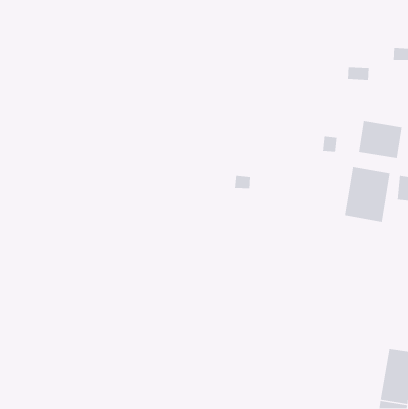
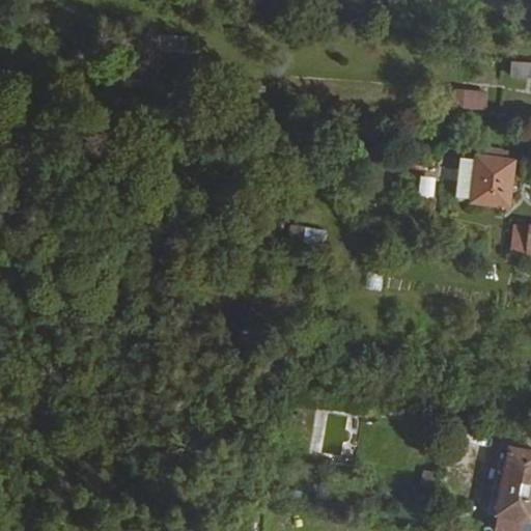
building: [344,166,391,223] -> none

